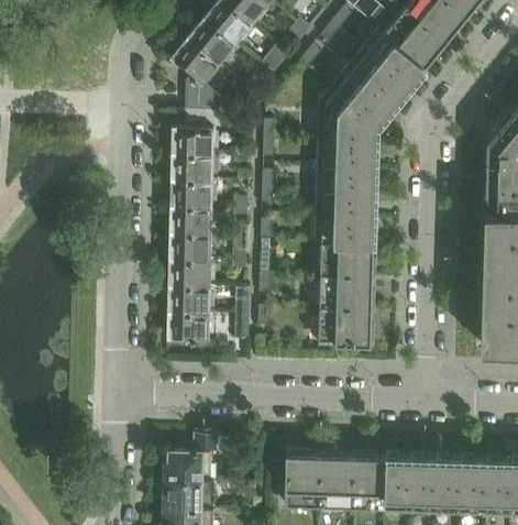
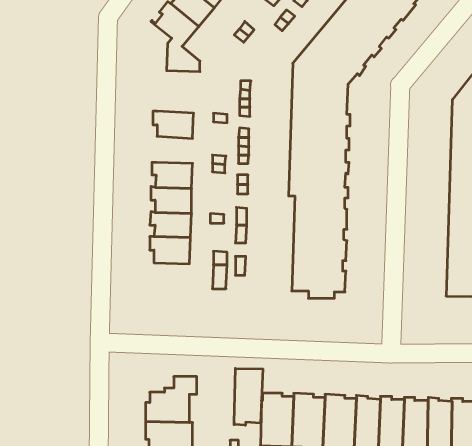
building: [172,111,221,156] -> none
building: [170,181,213,209] -> none
building: [167,314,210,341] -> none
building: none -> [234,368,263,425]

